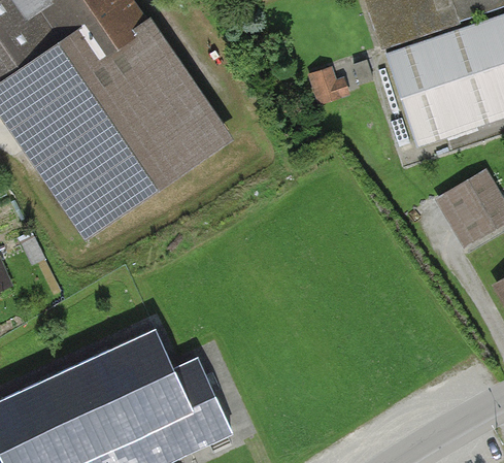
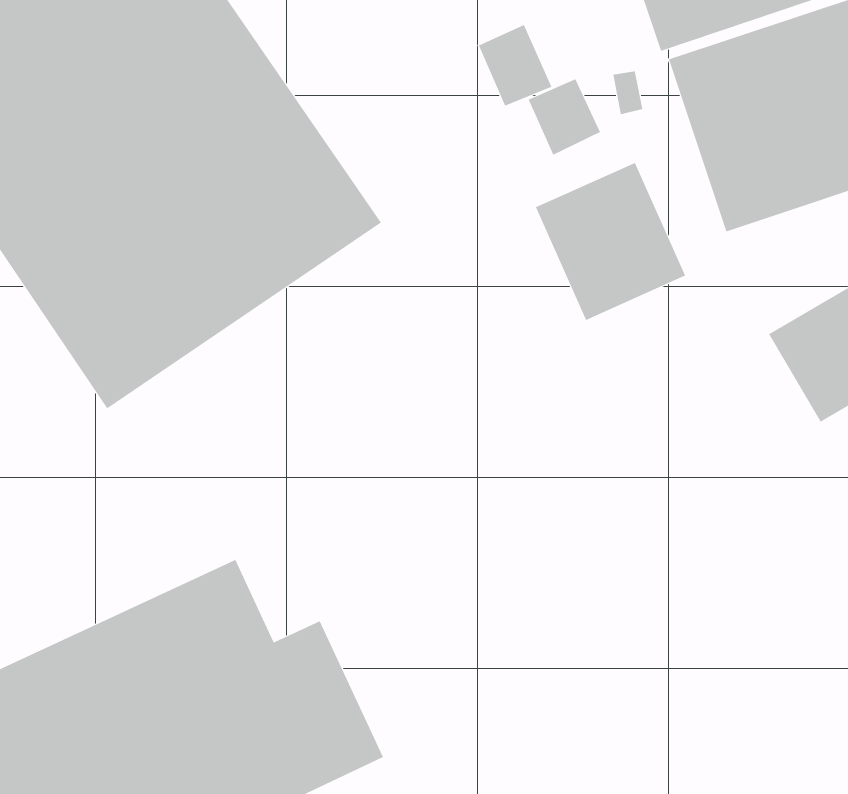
building: none -> [478,24,552,107]
building: none -> [535,162,686,321]

